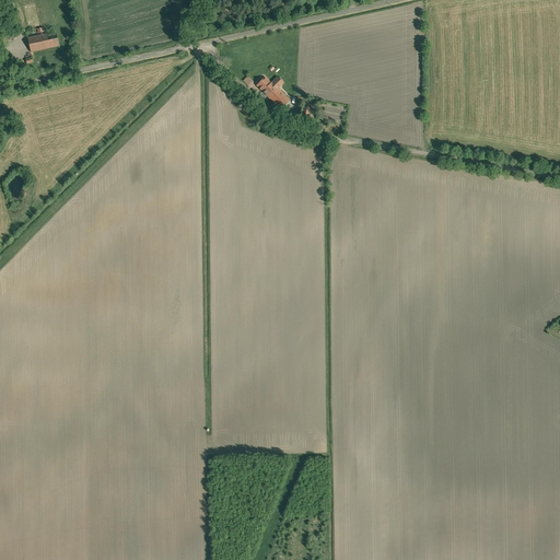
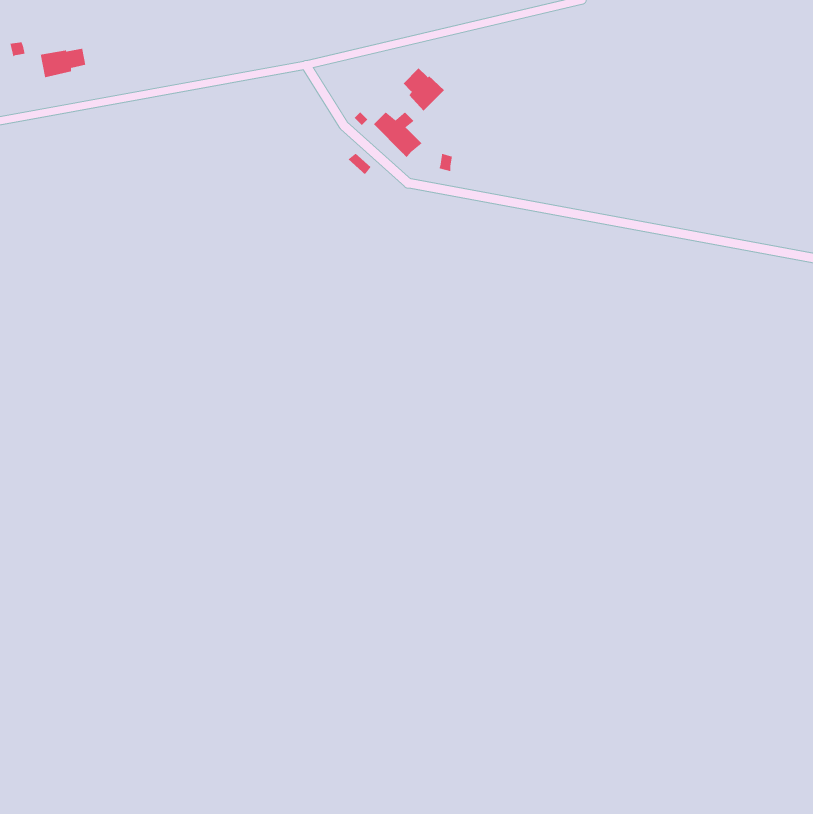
building: none -> [403,67,445,112]

